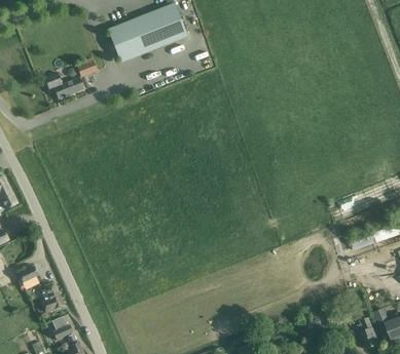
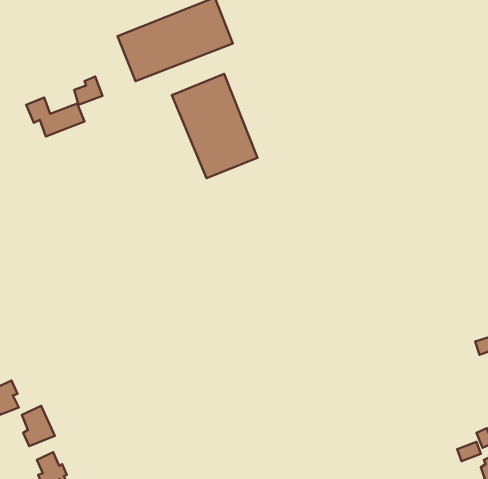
building: none -> [172,74,258,178]

